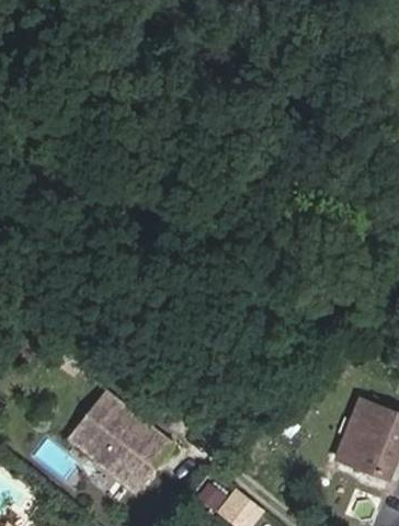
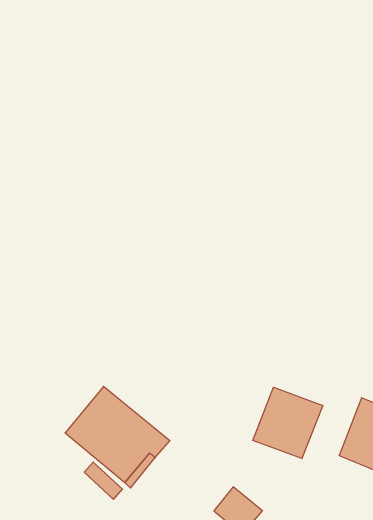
building: none -> [253,387,323,459]

